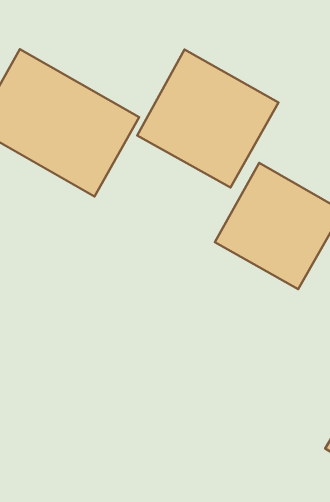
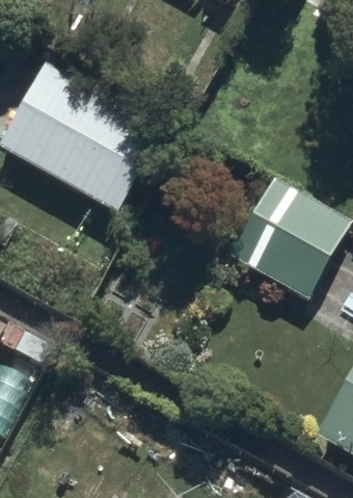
building: [137,49,279,188] -> none

